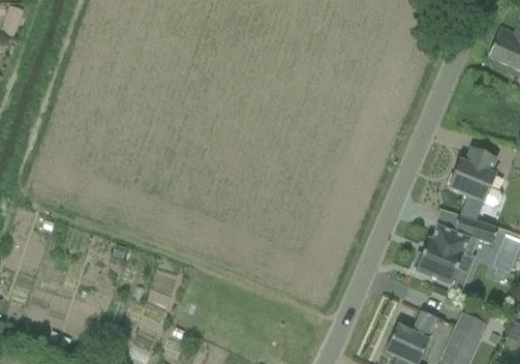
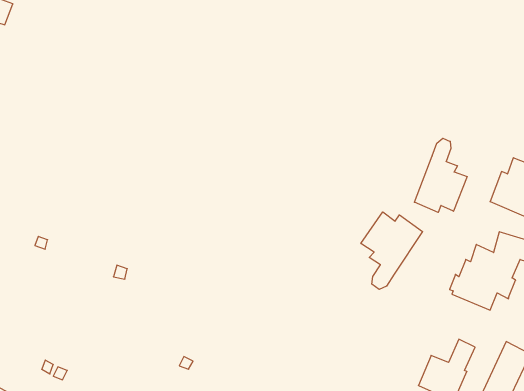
building: none -> [414,138,467,212]
building: none -> [361,212,423,289]

